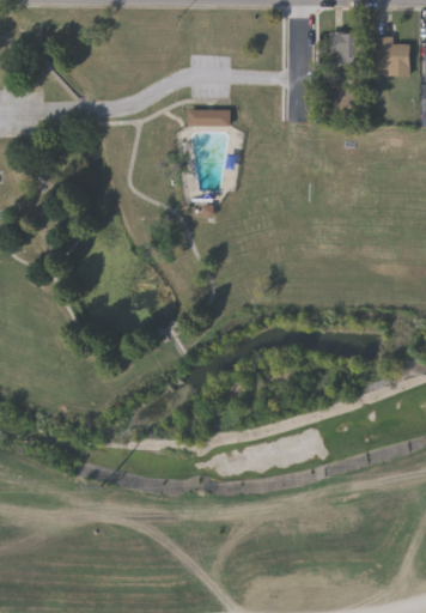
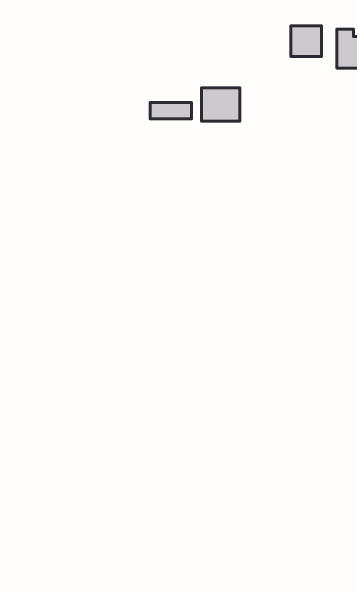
building: none -> [201,88,240,121]

